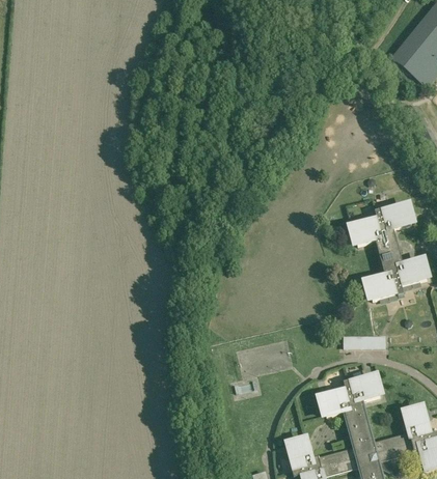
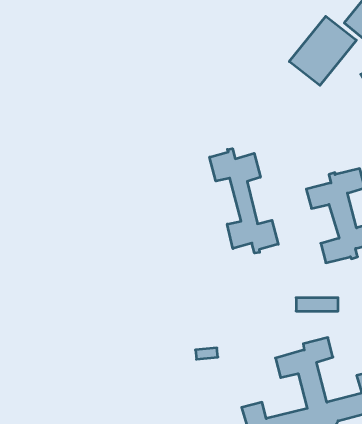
building: none -> [289,16,356,85]
building: none -> [210,149,278,253]

